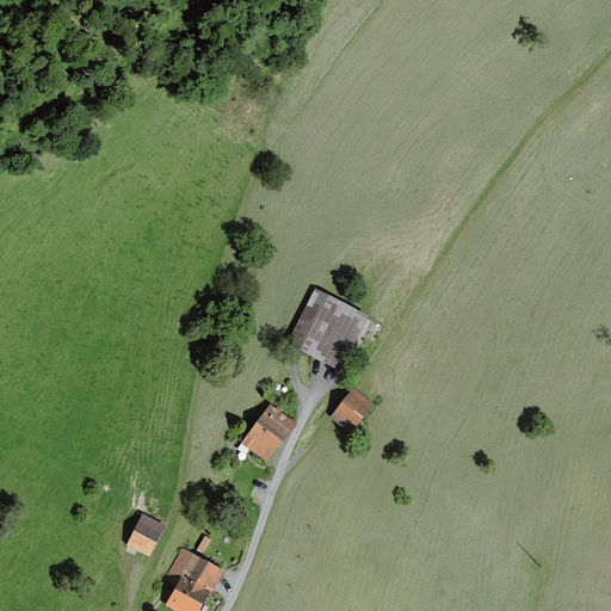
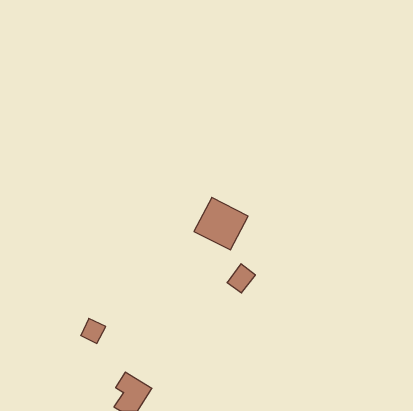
building: [237,401,294,458] -> none
building: [125,514,162,551] -> [81,318,106,343]

